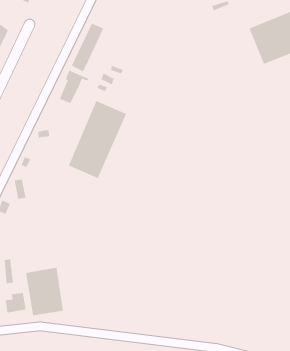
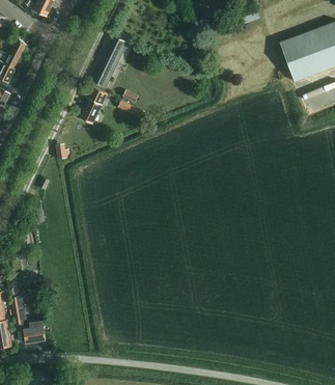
building: [68,100,127,179] -> none
building: [25,267,64,316] -> none

